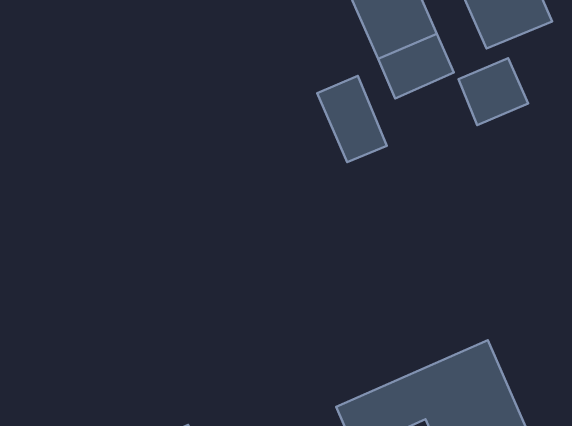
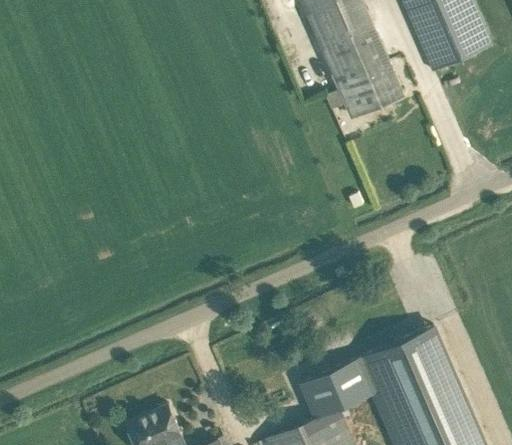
building: [459,58,528,125] -> none
building: [317,76,387,162] -> none

